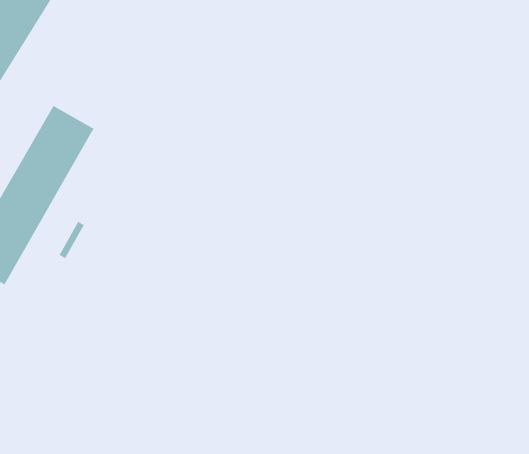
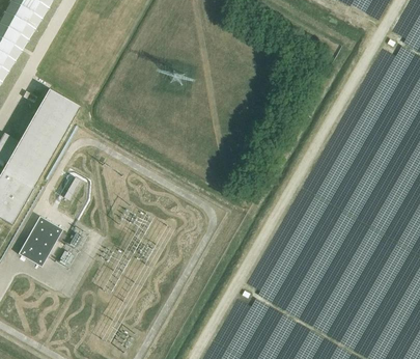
building: none -> [18,216,62,267]

